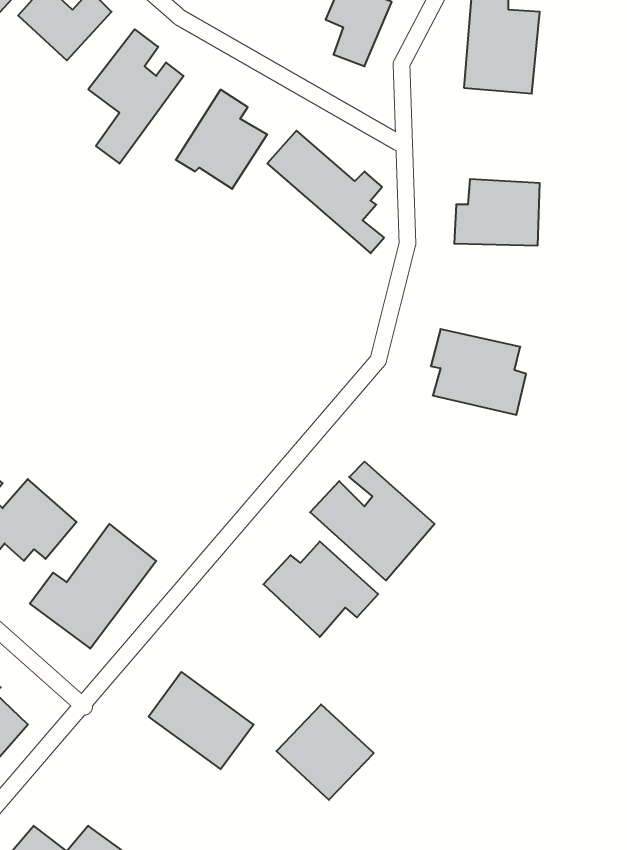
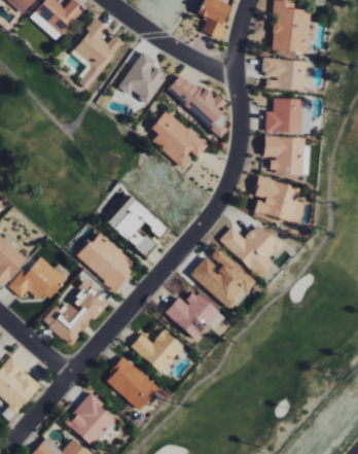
building: none -> [262,58,306,91]
building: none -> [151,110,208,166]
building: none -> [263,136,309,174]
building: none -> [107,196,170,256]
building: none -> [220,223,280,277]
building: none -> [77,232,137,290]
building: [276,704,374,800] -> [132,322,183,373]
building: none -> [67,393,117,447]

